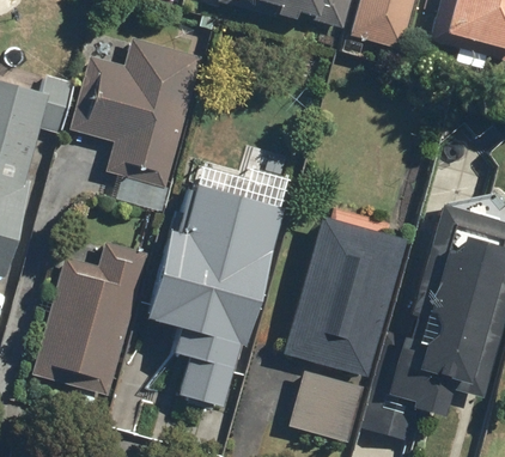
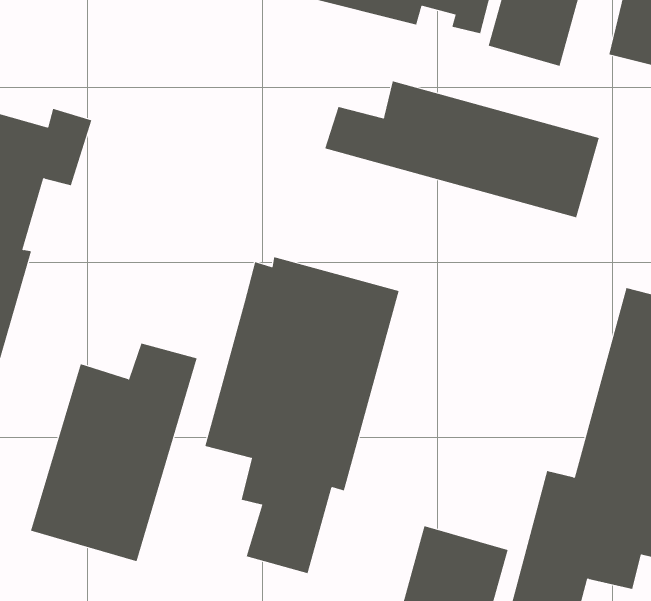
building: [73,38,201,208] -> none
building: none -> [325,80,600,218]
building: [287,212,407,372] -> none

